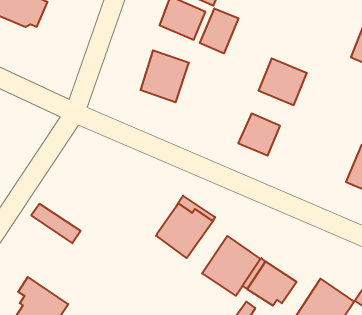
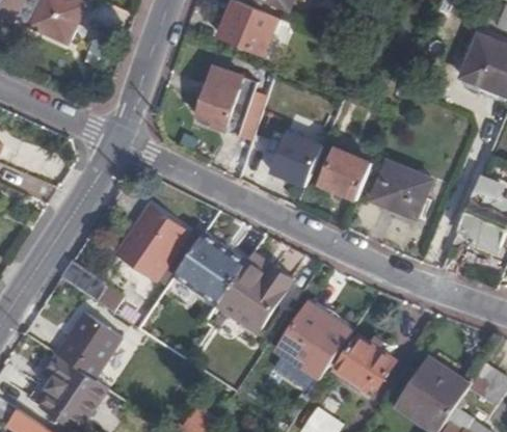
building: [200,8,238,53] -> none
building: [258,58,307,105] -> [370,162,431,221]
building: none -> [270,133,322,188]
building: none -> [115,206,186,280]
building: none -> [176,236,242,300]
building: none -> [55,312,119,379]

